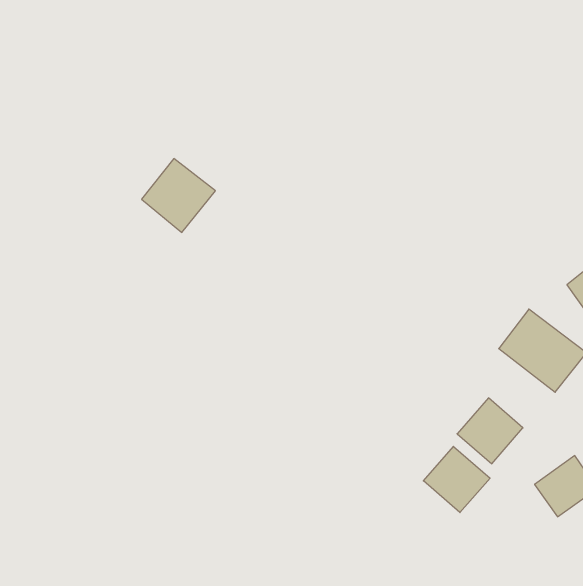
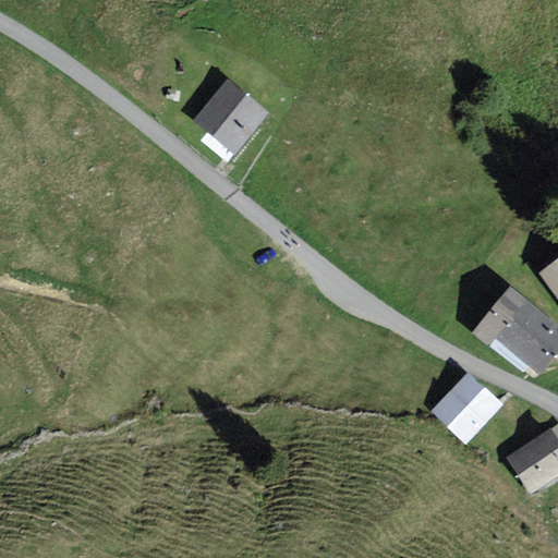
building: [142,159,215,232] -> [194,82,264,151]
building: [423,446,490,513] -> none

